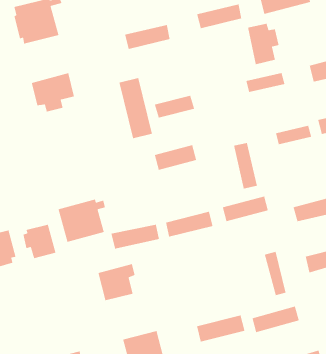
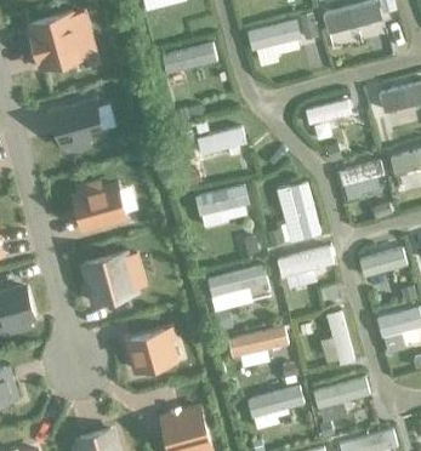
building: [247,23,280,65] -> none
building: [118,77,153,139] -> none
building: none -> [75,182,129,230]
building: [22,224,57,259] -> none
building: [110,224,160,250] -> [229,329,288,359]

